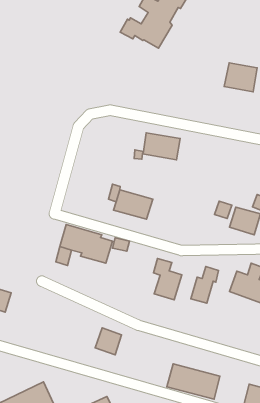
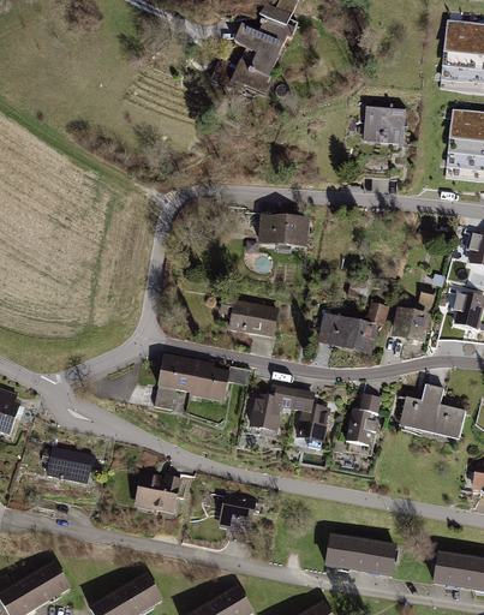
building: none -> [316,312,374,352]
building: none -> [246,384,293,431]
building: none -> [132,471,178,512]

